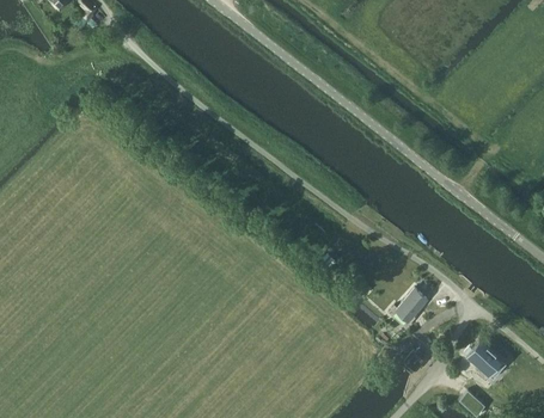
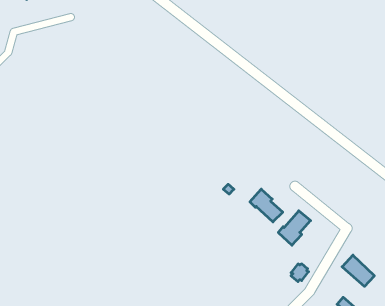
building: none -> [250,189,283,222]

